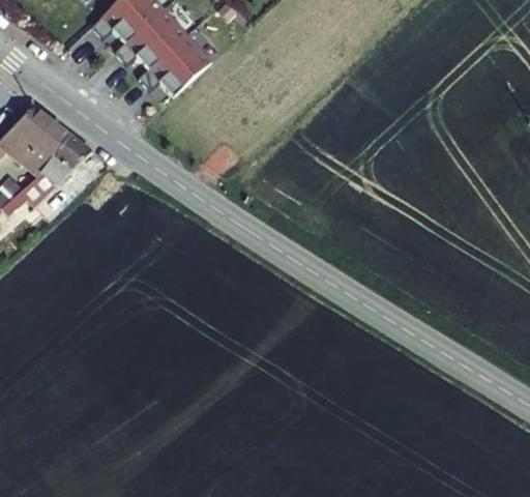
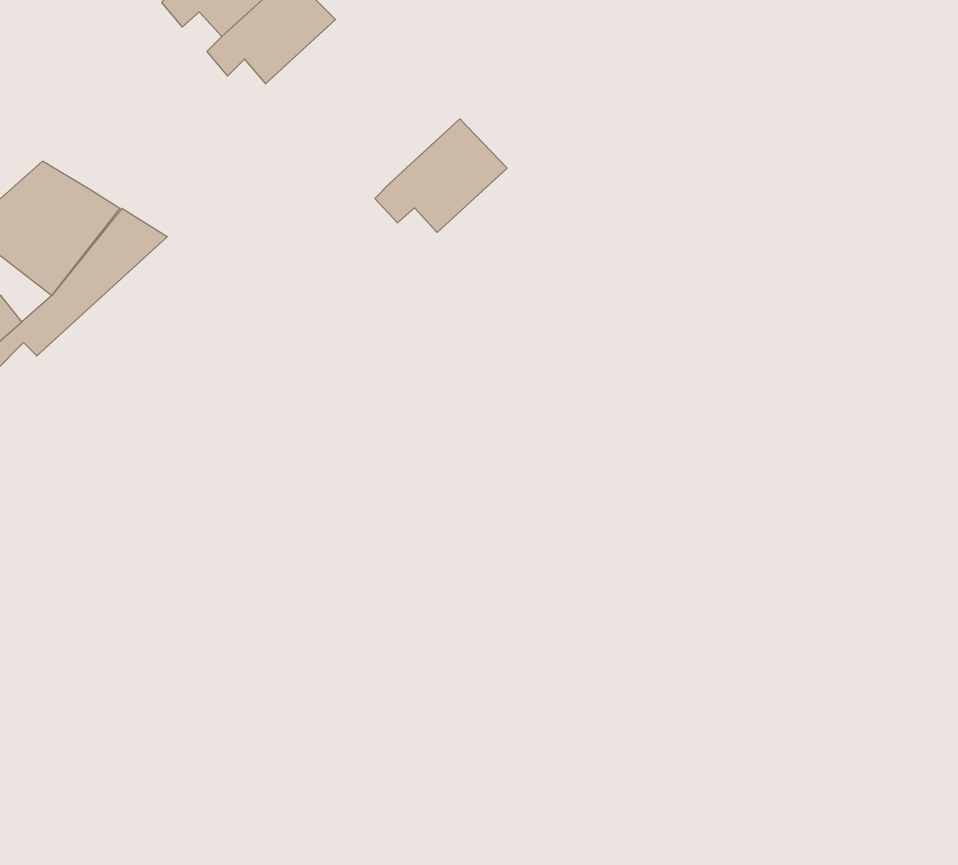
building: [139,29,211,91] -> [375,119,507,232]

